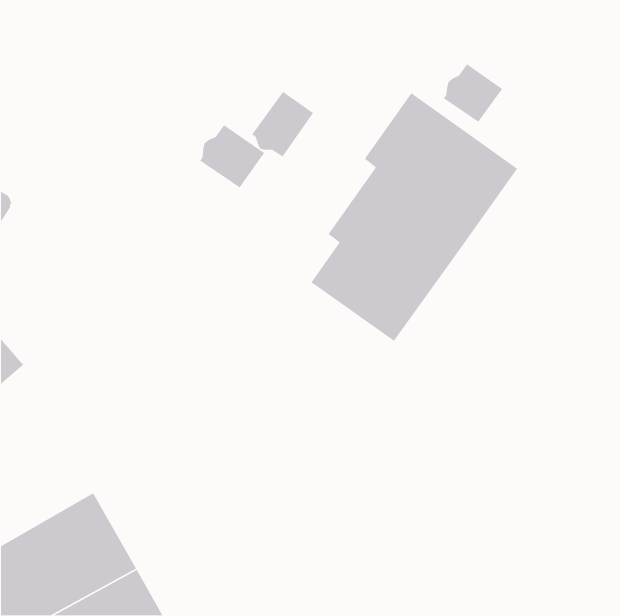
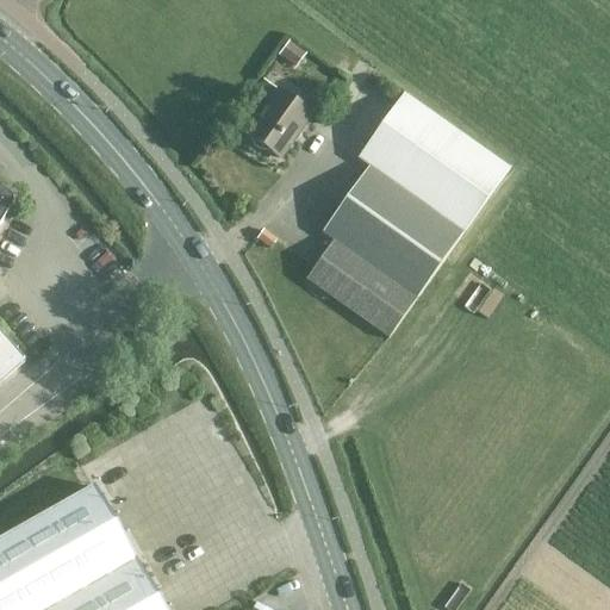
building: [443,63,503,123] -> none
building: [199,124,265,188] -> none

